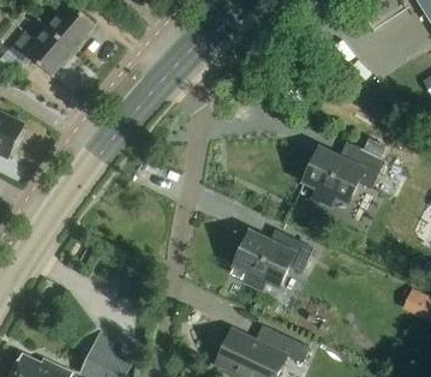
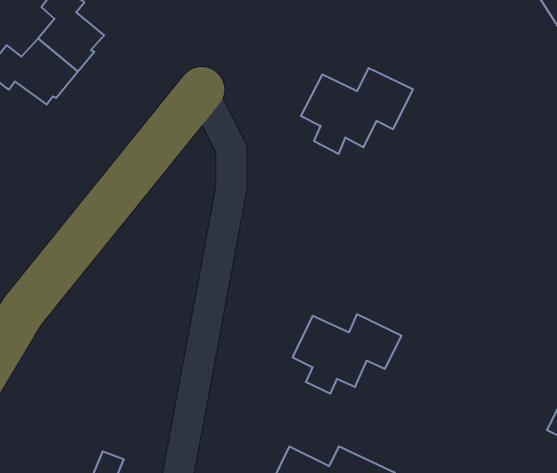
building: [304,143,385,205] -> [301,68,413,154]

